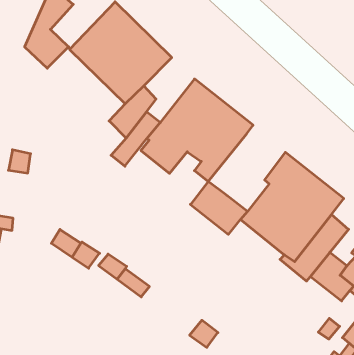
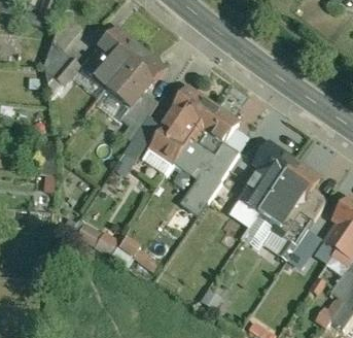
building: none -> [201,134,245,187]

